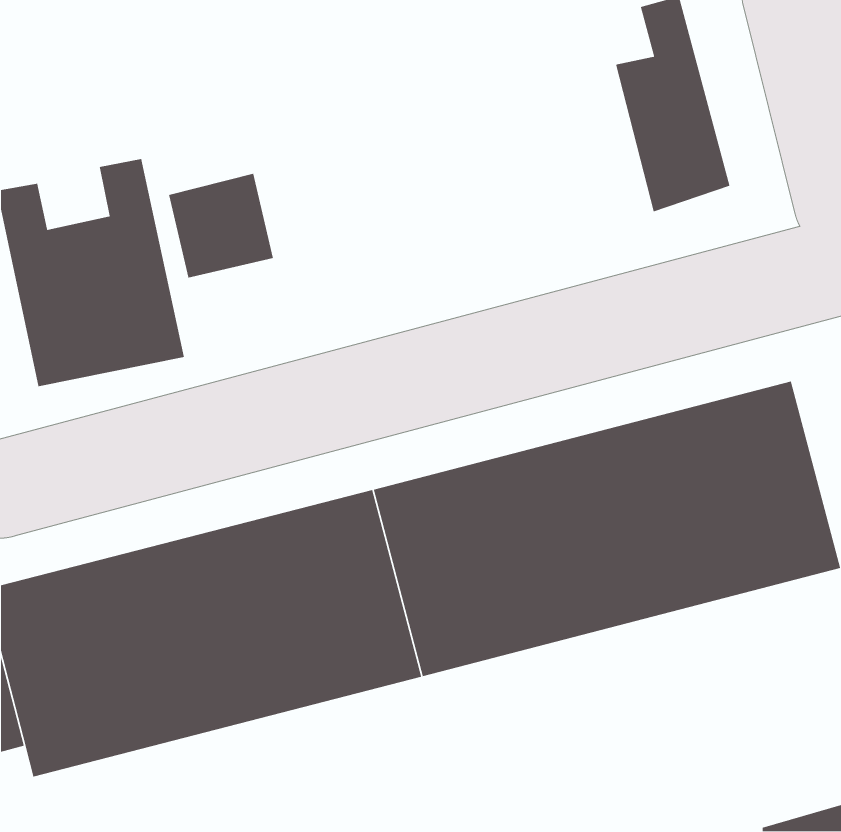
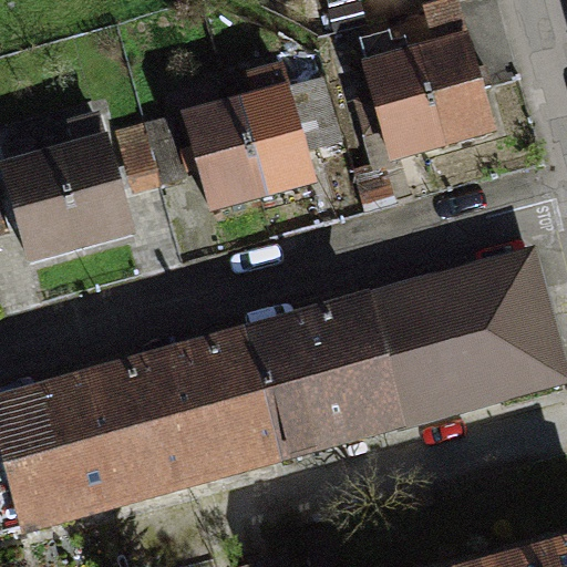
building: none -> [357,21,440,155]
building: none -> [176,30,339,208]

